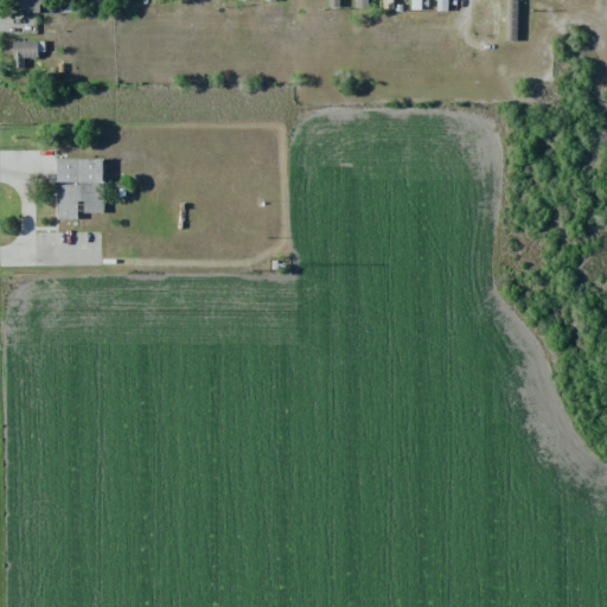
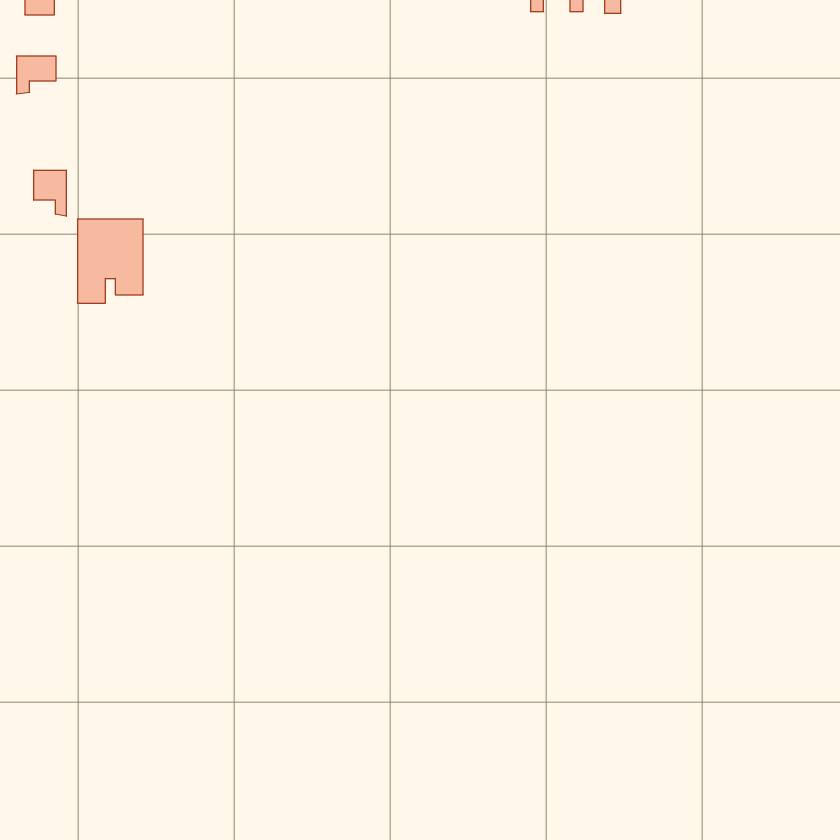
building: none -> [34,170,66,216]

